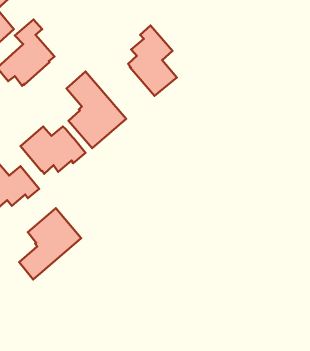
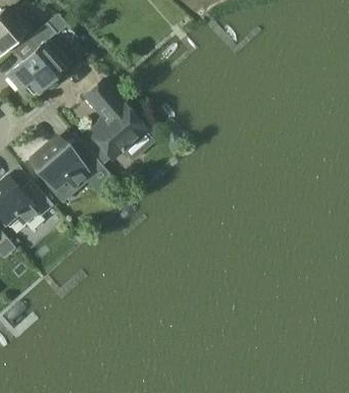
building: [128,26,177,96] -> none
building: [19,208,81,279] -> none

